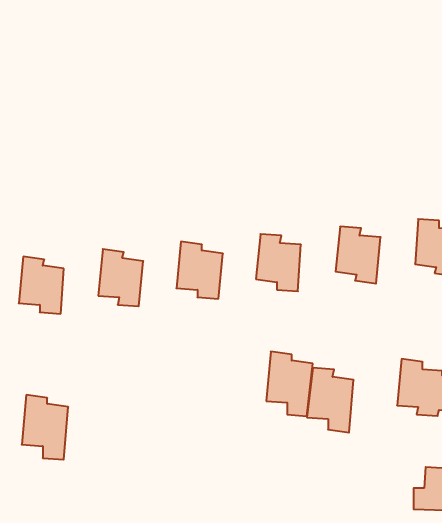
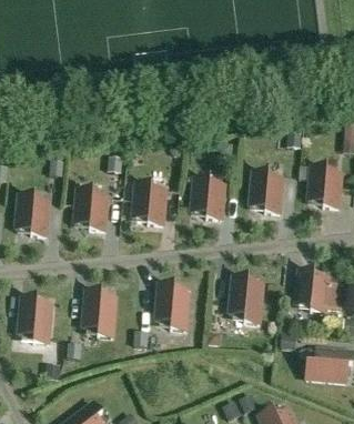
building: [266,352,313,416] -> [155,282,190,330]
building: none -> [82,290,117,337]

